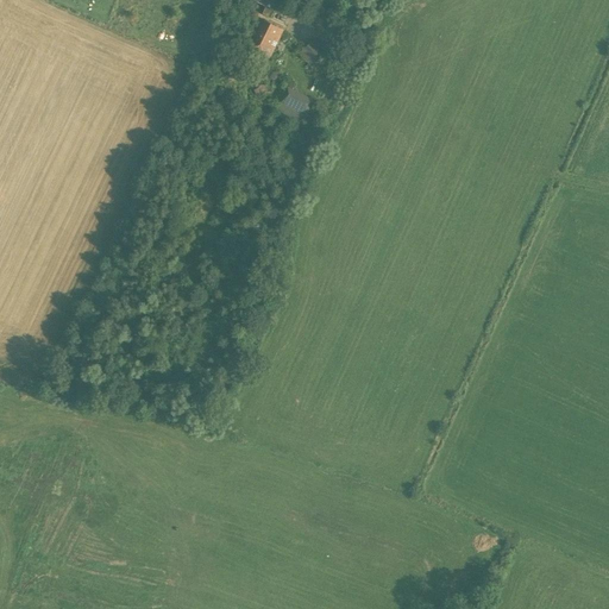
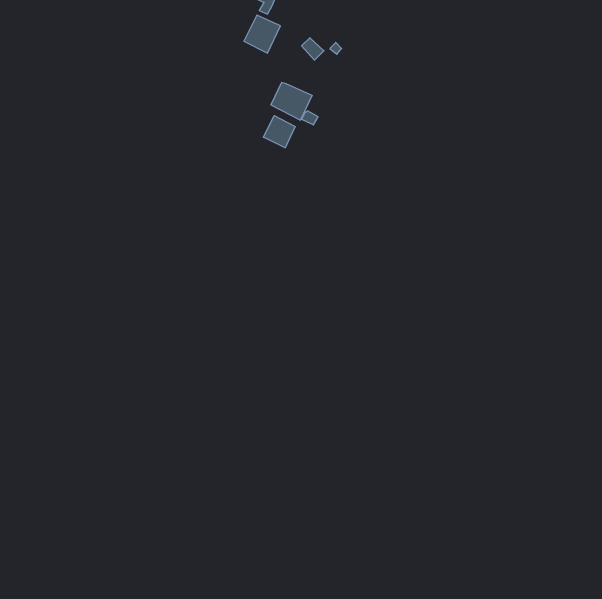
building: none -> [263,116,295,148]

